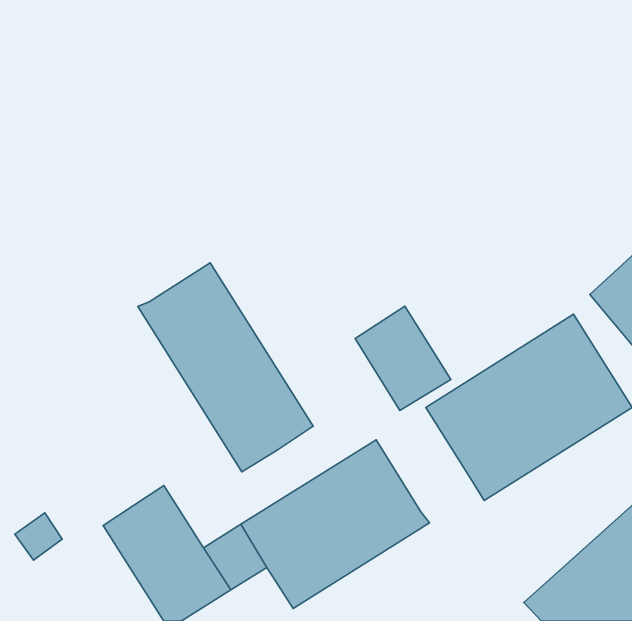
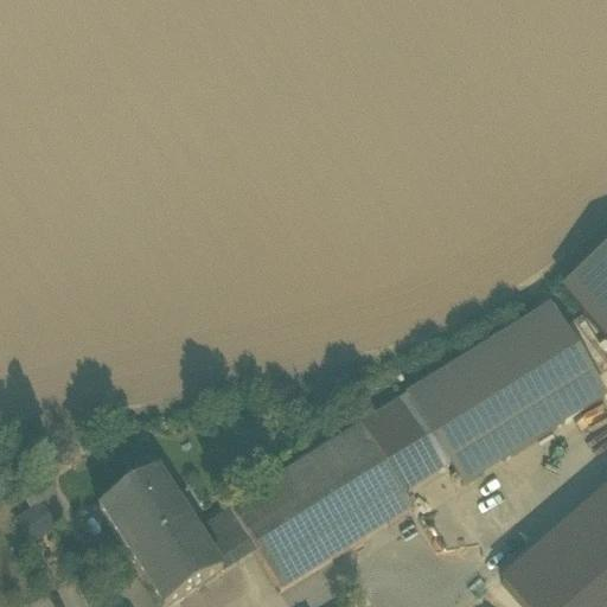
building: [138,263,313,472] -> none
building: [355,306,451,411] -> [362,389,453,488]

